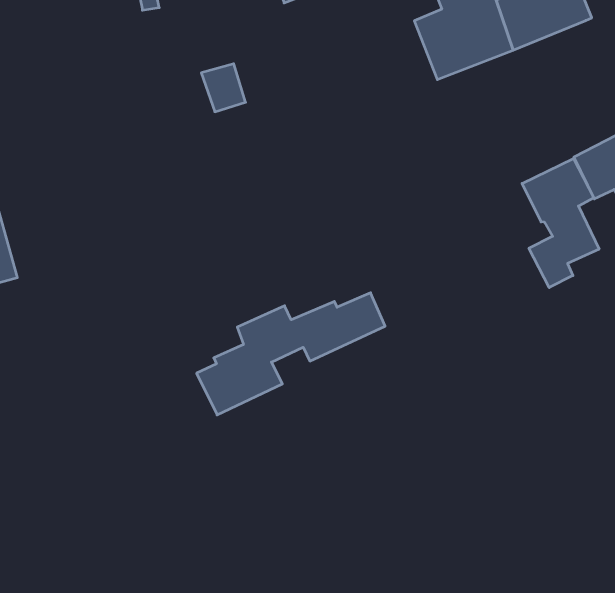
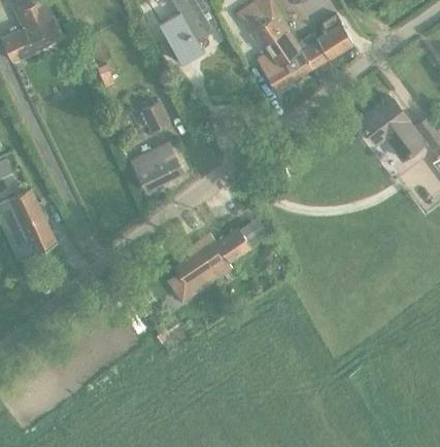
building: none -> [129,142,182,193]
building: [522,158,599,288] -> none

